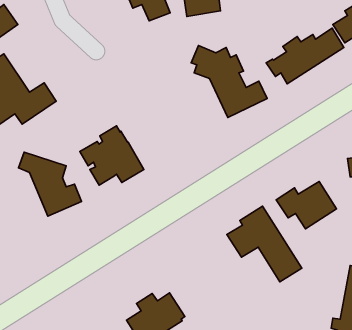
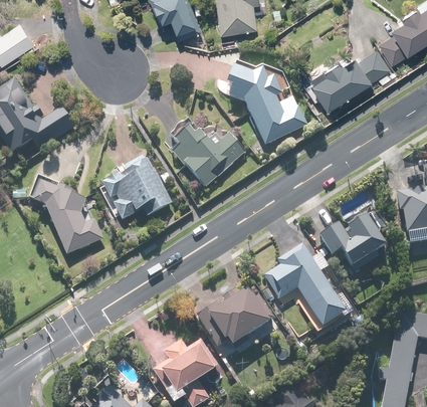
building: none -> [172,128,246,188]
building: none -> [197,286,274,350]

